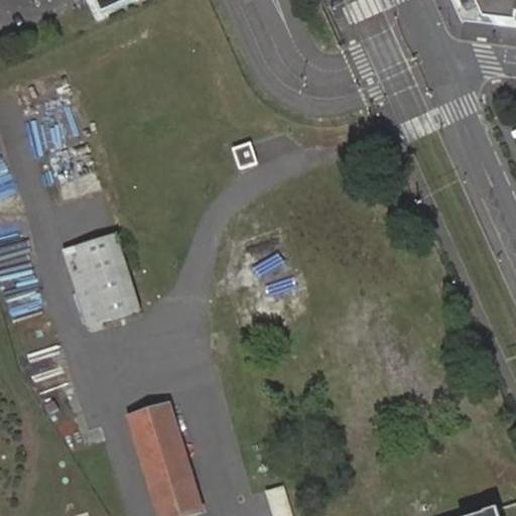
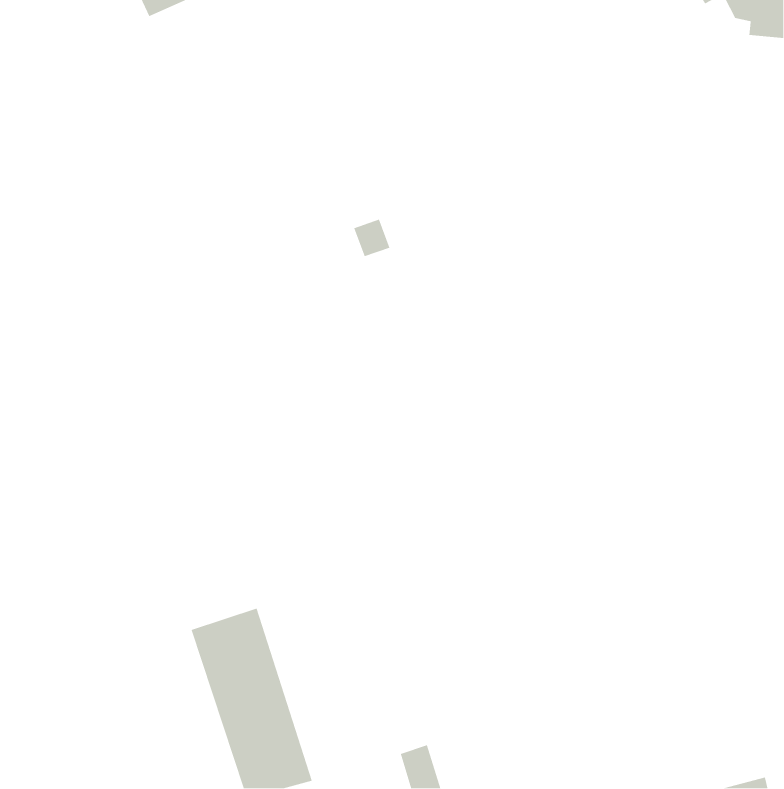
building: [66,236,132,327] -> none

